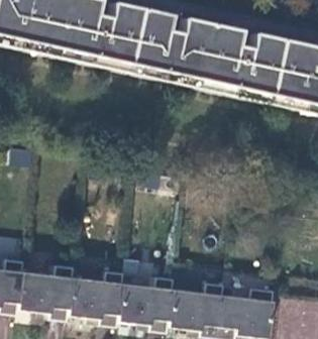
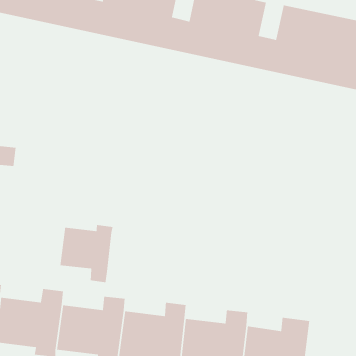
building: none -> [59,224,114,283]

